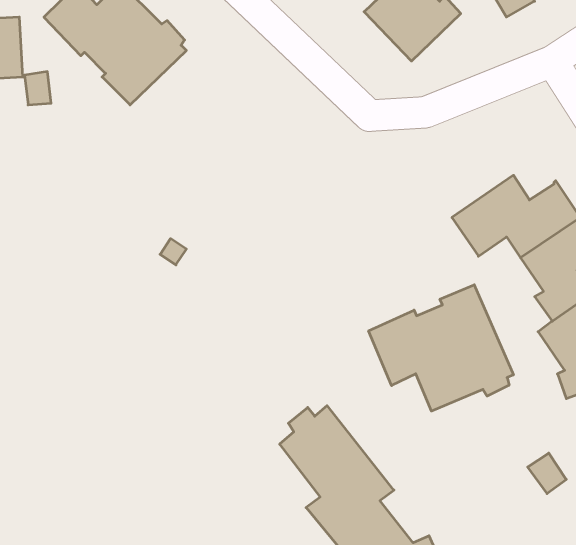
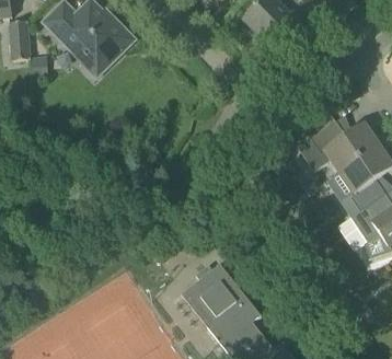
building: [369,285,513,411] -> none

